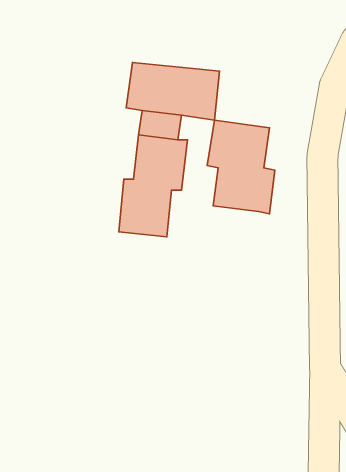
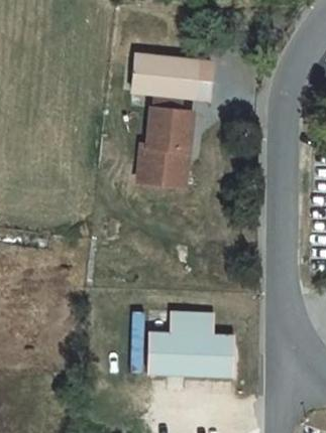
building: [207,120,275,214] -> none
building: none -> [150,310,228,379]

